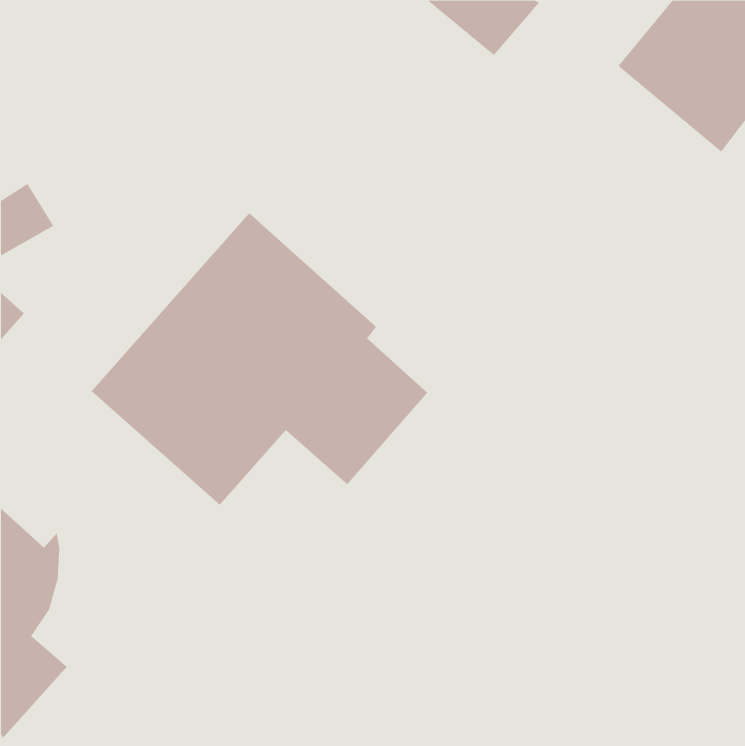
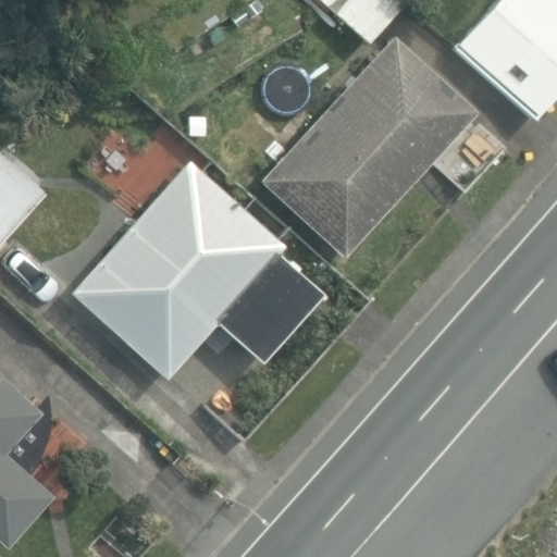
building: none -> [260,37,475,257]

